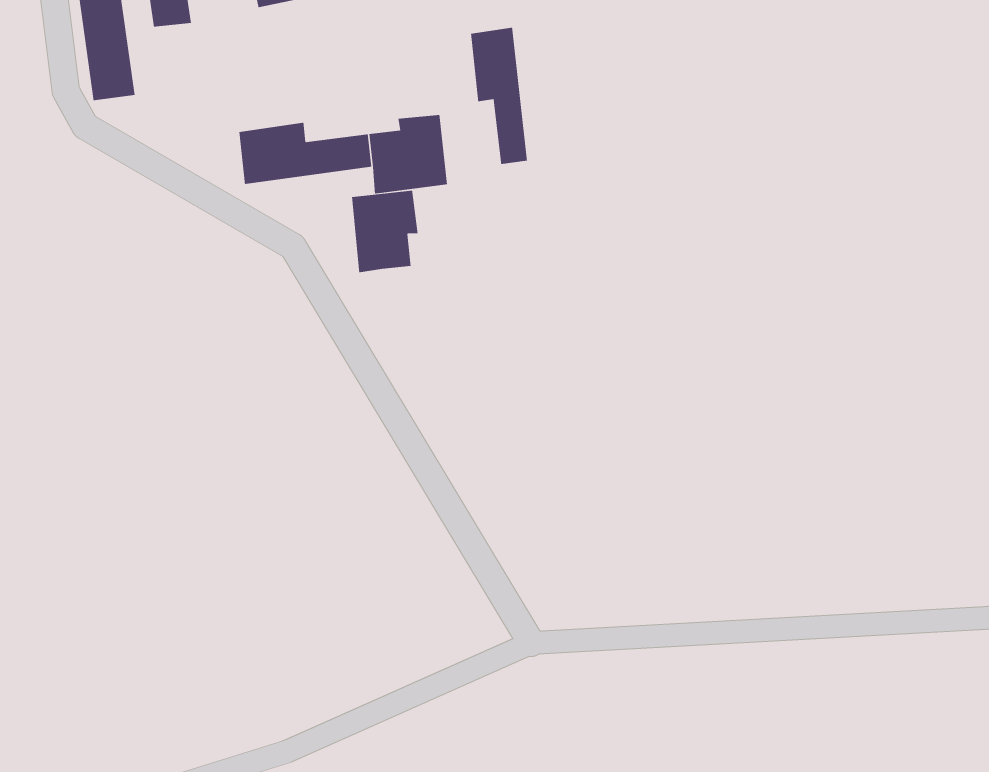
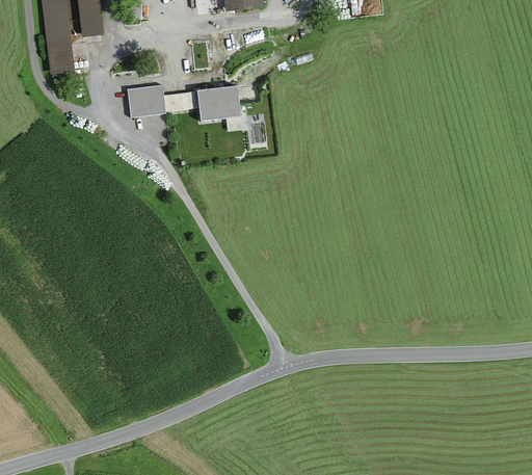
building: [471,27,527,165] -> none
building: [352,190,418,273] -> none

